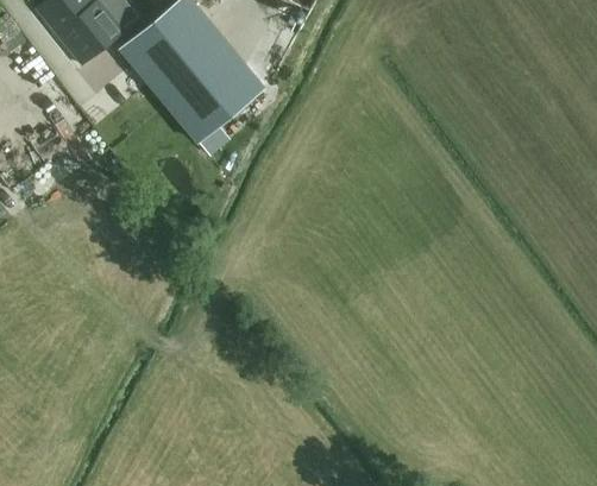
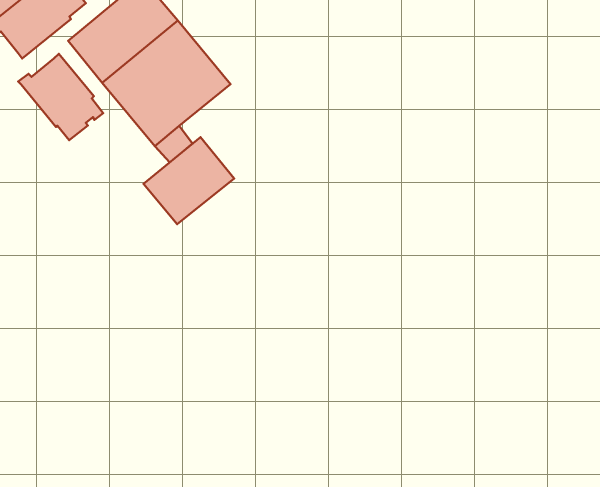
building: none -> [18,54,103,140]
building: none -> [144,137,234,224]

